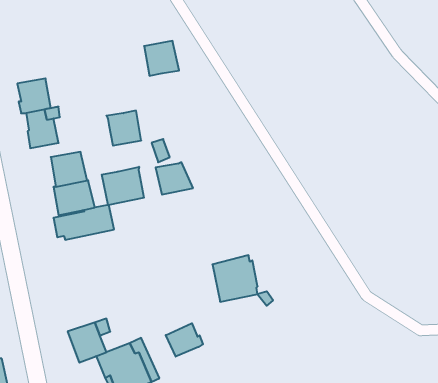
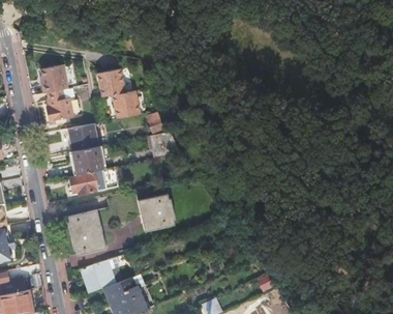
building: [144,41,179,76] -> [97,68,125,96]
building: [102,167,144,205] -> none
building: [212,255,258,302] -> [138,193,174,230]
building: none -> [67,209,104,254]
building: [166,323,203,357] -> none

